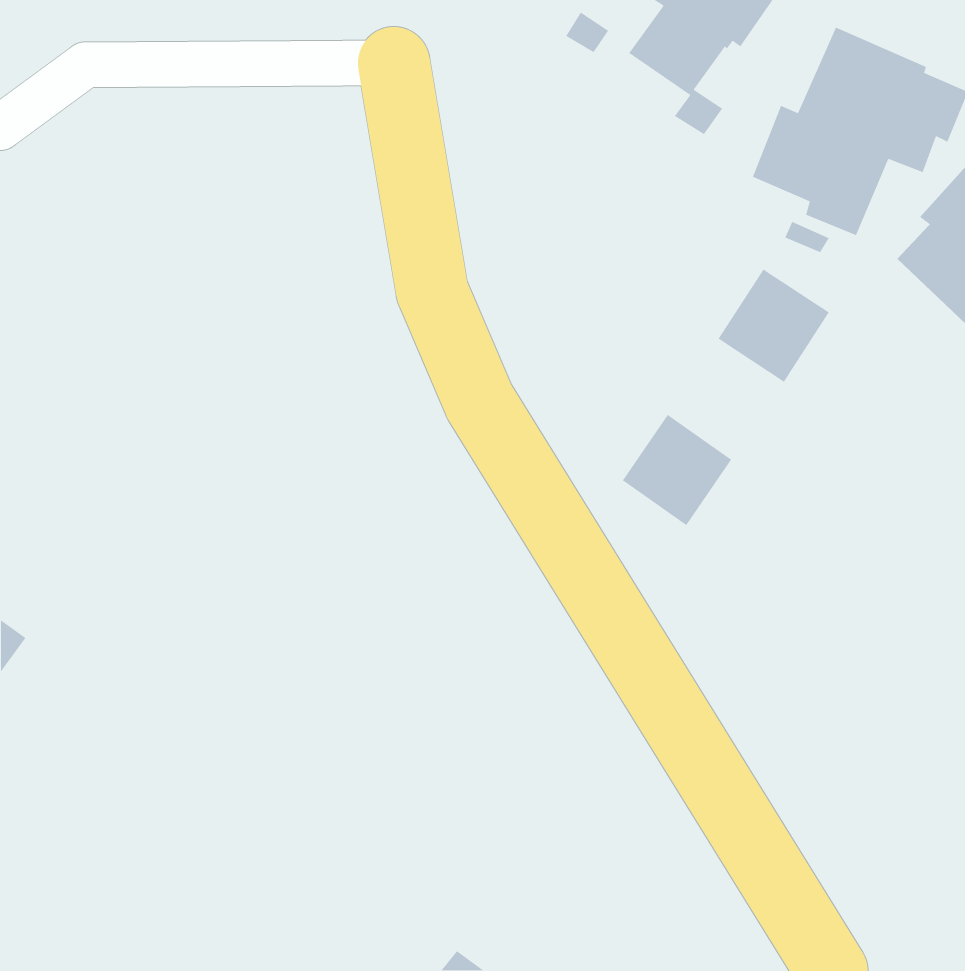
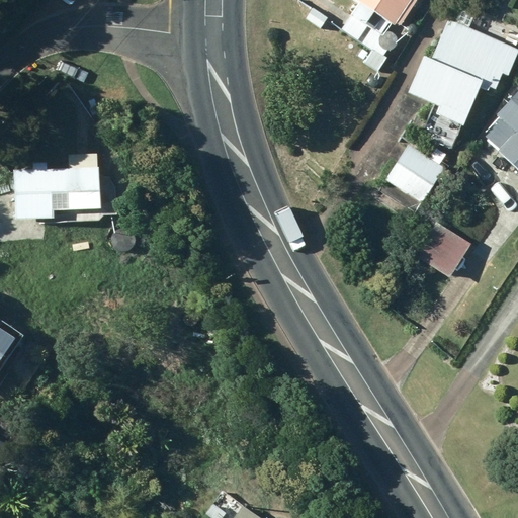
building: none -> [19,153,104,219]
building: [622,414,732,526] -> [412,220,470,279]

